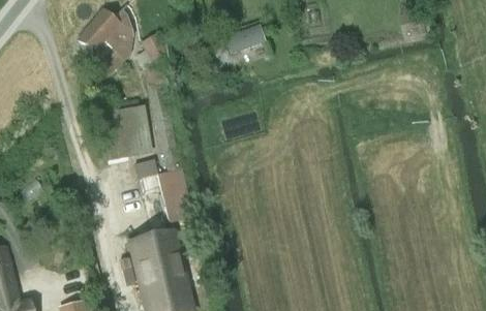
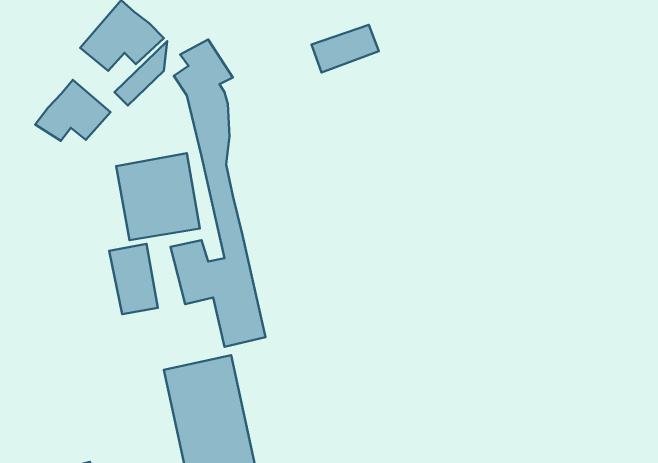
building: none -> [35,80,111,141]
building: none -> [109,244,158,314]

